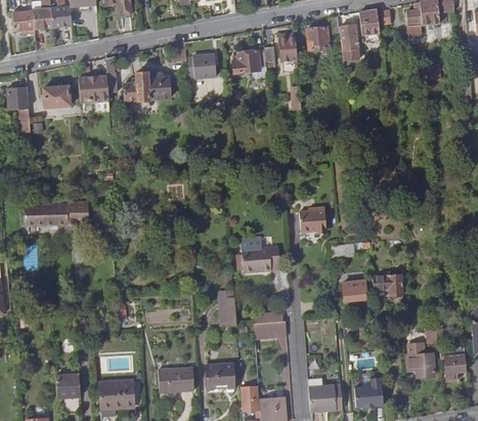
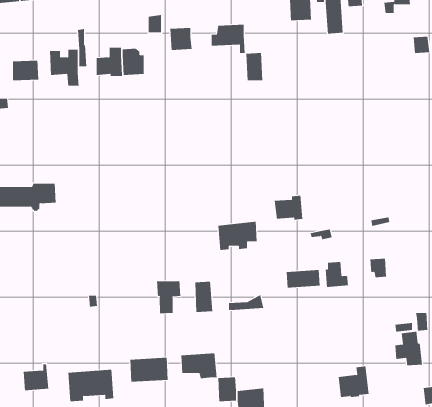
building: [281,34,298,60] -> [246,53,263,81]
building: none -> [157,280,181,314]
building: [252,320,285,337] -> [286,270,321,288]
building: [306,380,341,408] -> none

